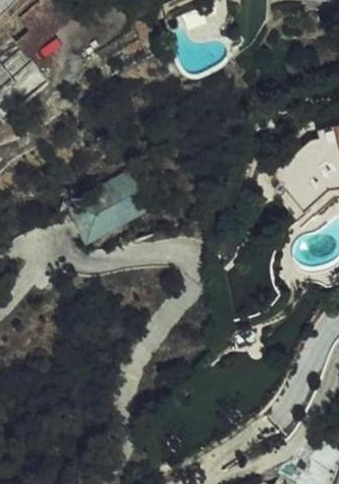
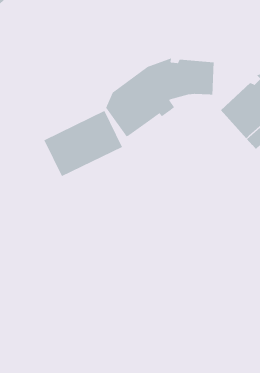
building: none -> [106,57,214,137]

